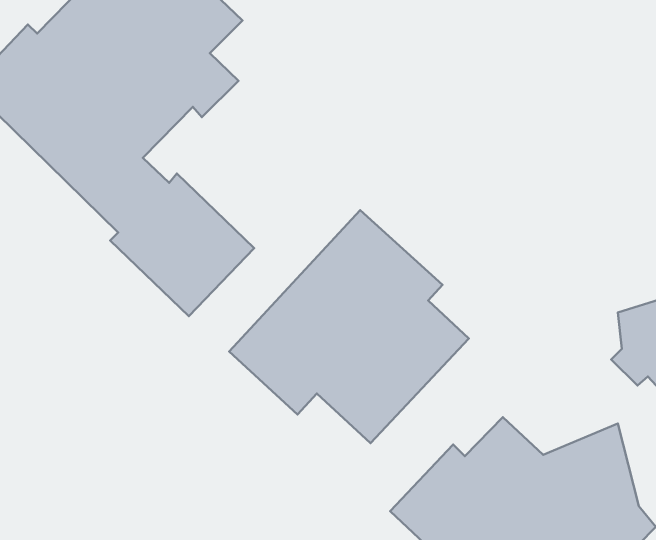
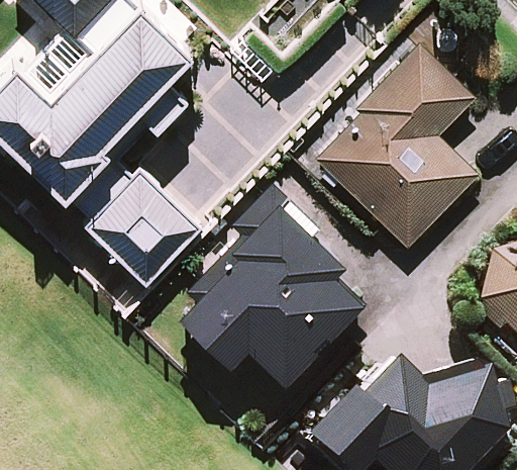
building: none -> [315,45,477,247]

